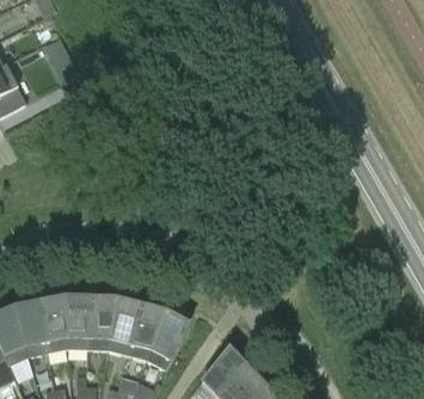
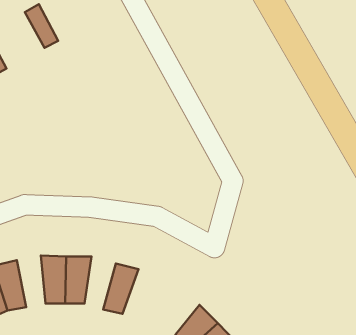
building: [36,297,66,351] -> none
building: [106,299,139,354] -> none
building: [146,312,186,368] -> none

